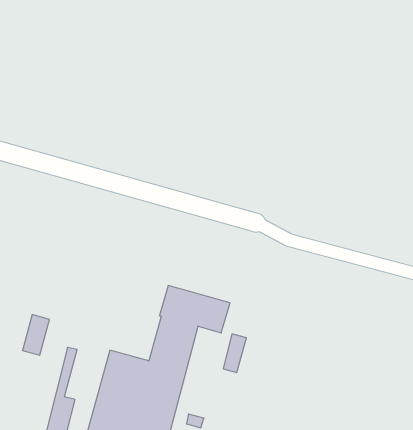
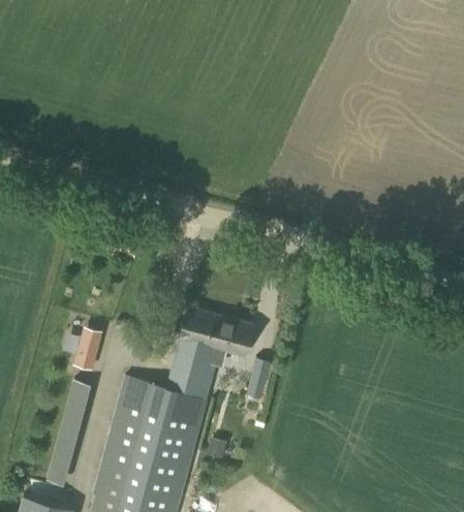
building: [22,315,49,355] -> [73,328,102,372]

